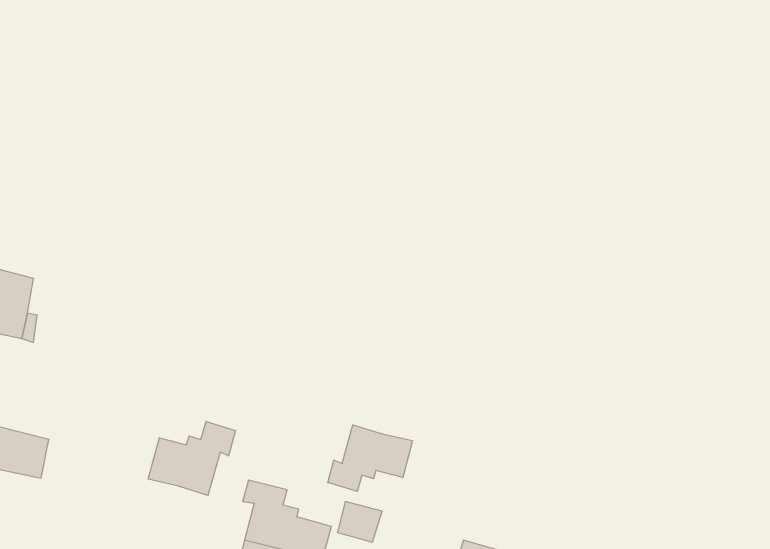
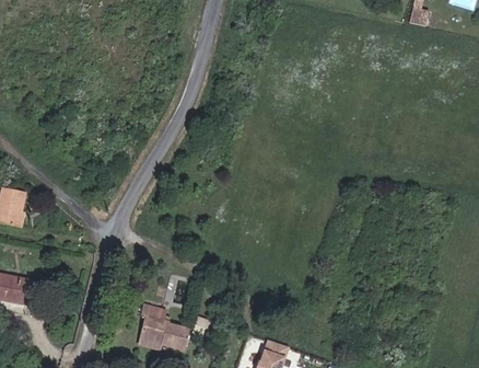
building: [148,421,236,496] -> none
building: [328,425,412,491] -> none

